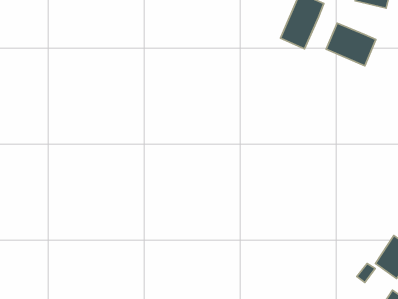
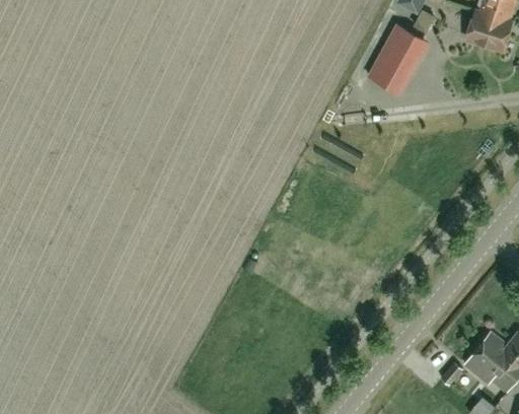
building: [326,23,376,66] -> none

